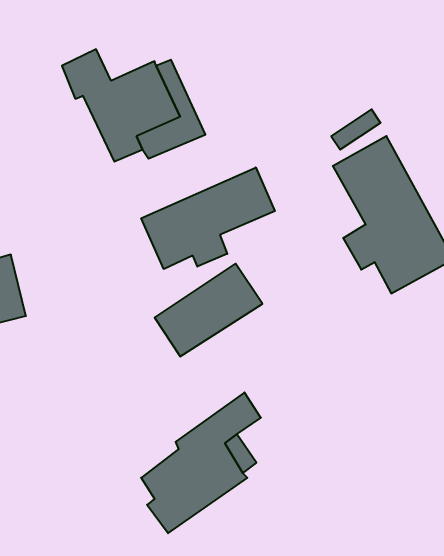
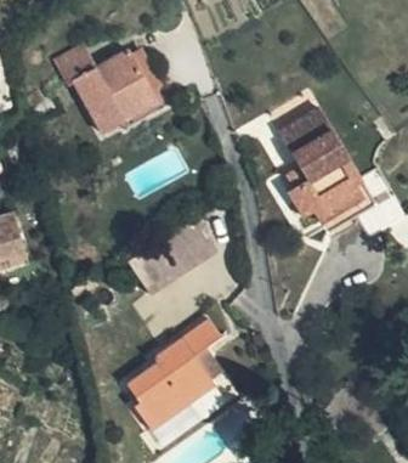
building: [141,167,275,269] -> none

